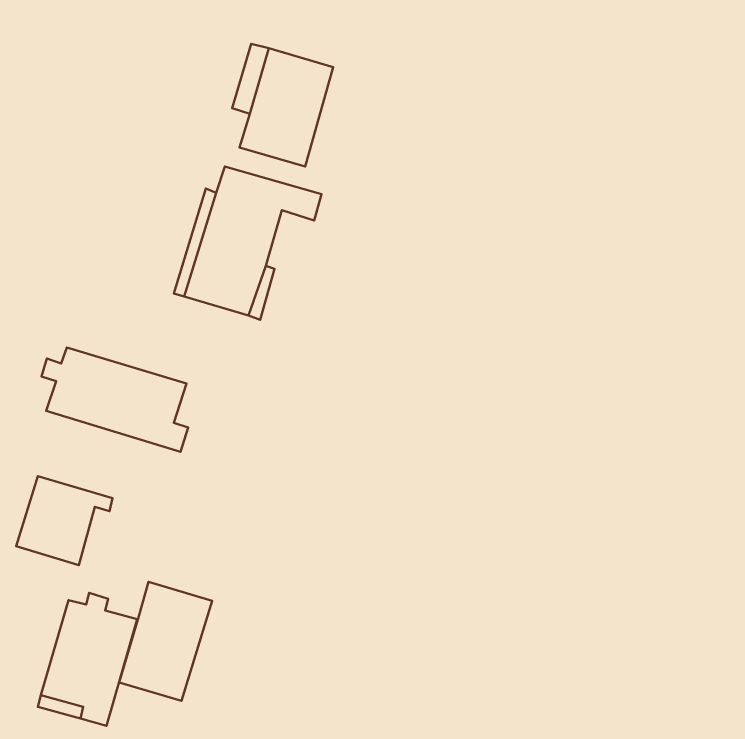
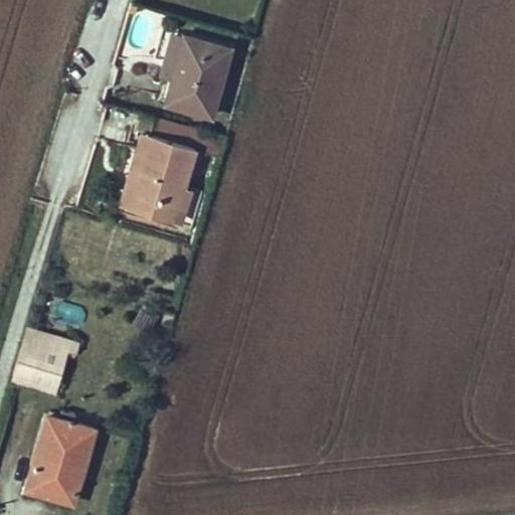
building: [42,347,188,452] -> none
building: [119,582,212,701] -> none

